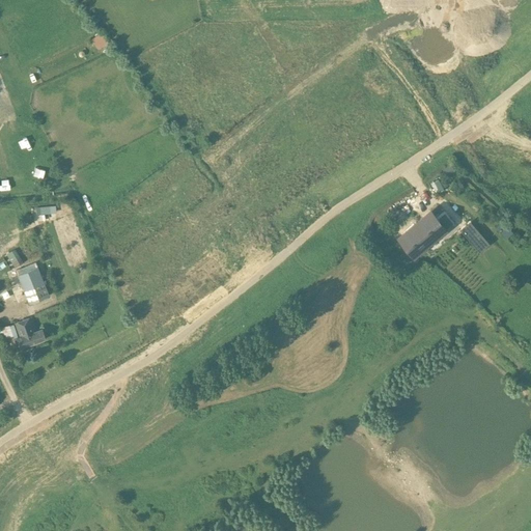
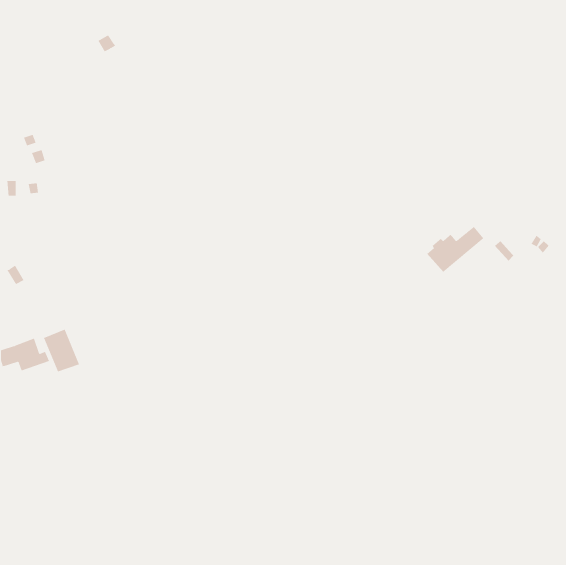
building: [16,262,50,303] -> [43,329,80,372]

